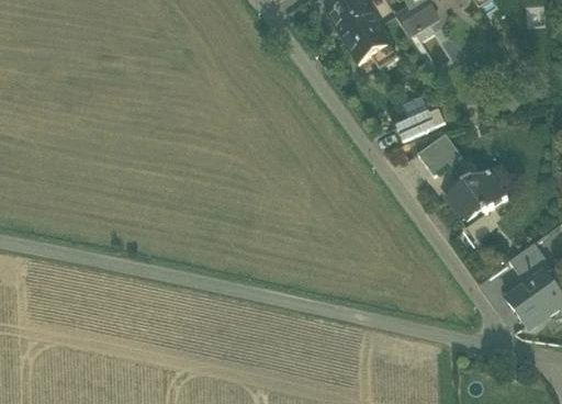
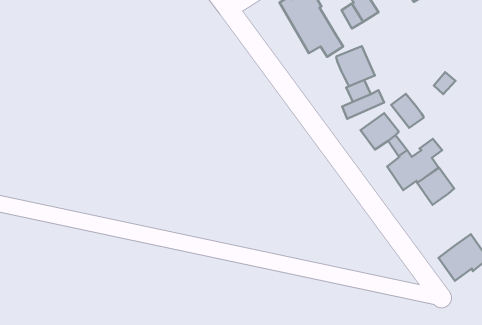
building: none -> [336,46,375,86]
building: none -> [391,94,423,128]
building: [508,243,551,285] -> [417,168,454,205]

